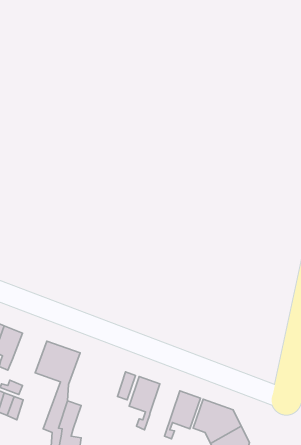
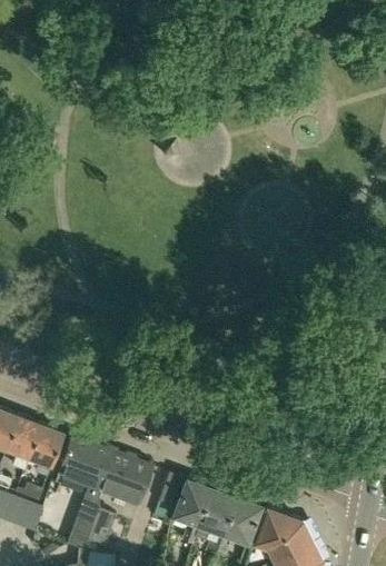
building: none -> [30,426,63,477]
building: none -> [99,450,154,505]
building: none -> [199,488,236,553]

